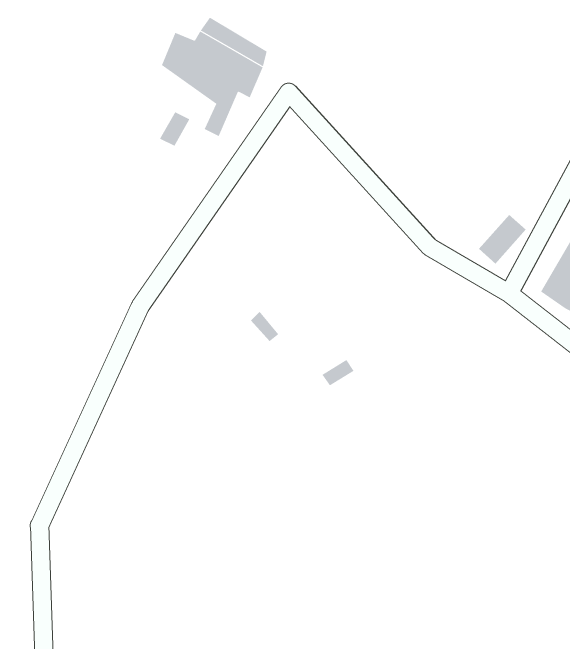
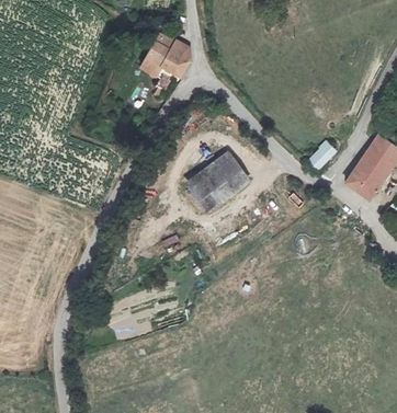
building: none -> [188,156,246,210]

